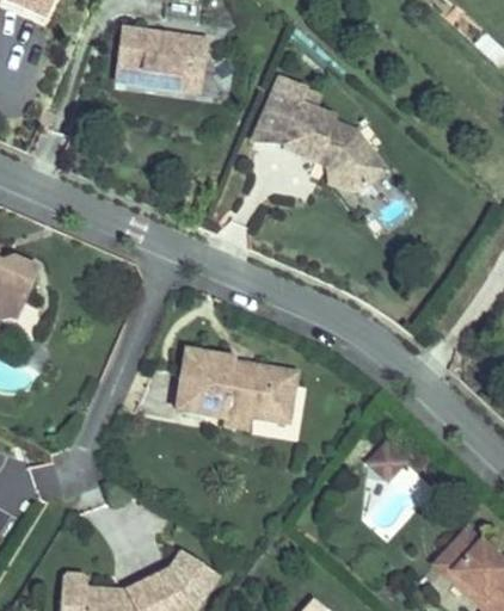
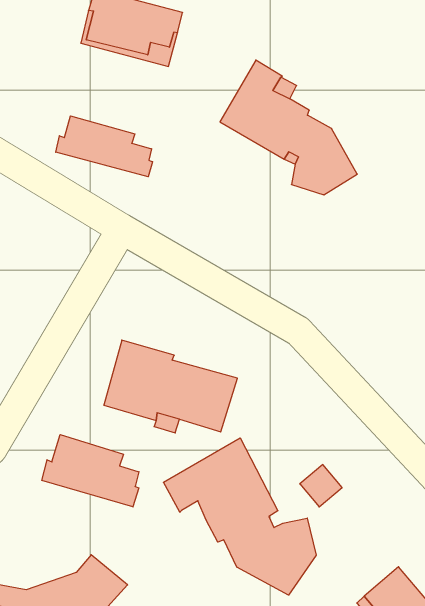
building: none -> [56,116,153,177]
building: none -> [163,438,316,595]
building: none -> [42,435,139,507]

